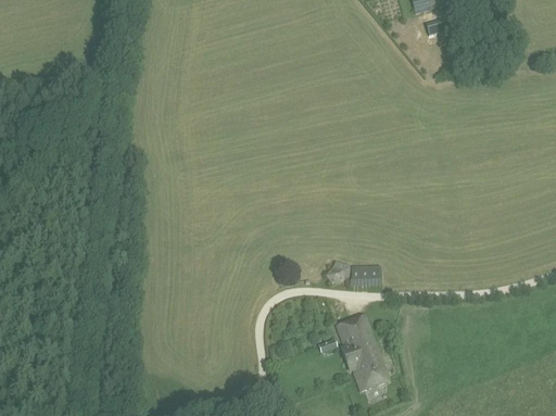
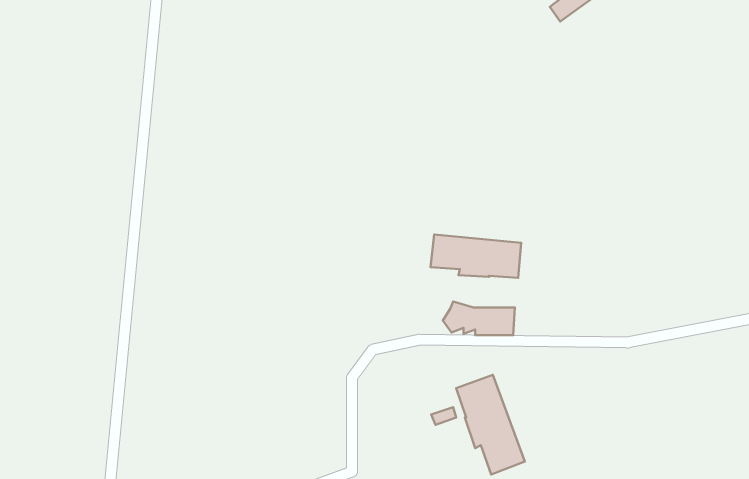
building: none -> [431,234,521,278]

